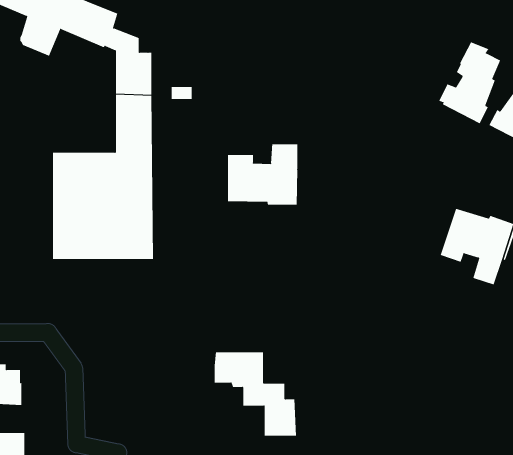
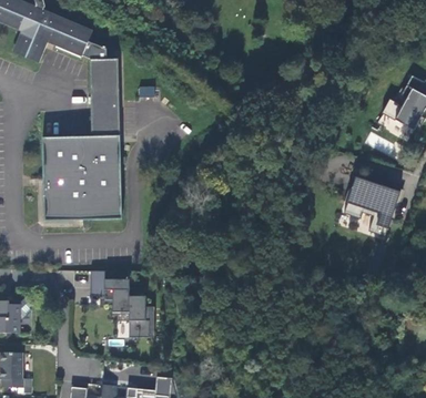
building: [438,41,501,124] -> none
building: [227,144,298,206] -> none
building: [214,352,297,436] -> [90,269,154,335]

